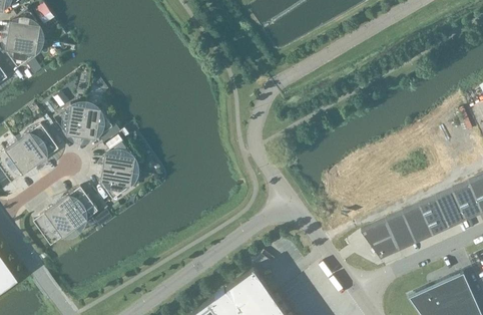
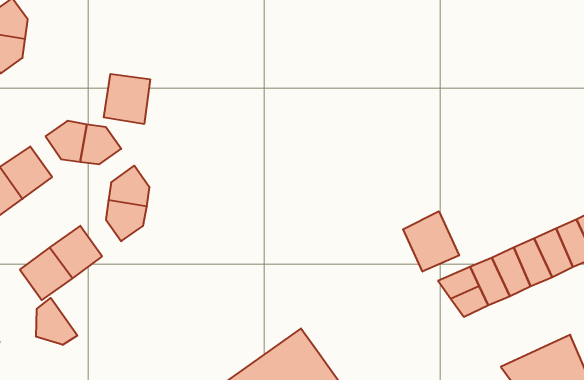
building: none -> [104,74,150,124]
building: none -> [403,211,459,272]
building: none -> [36,298,77,345]

